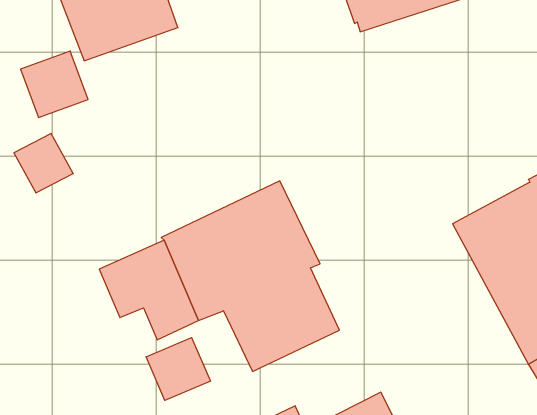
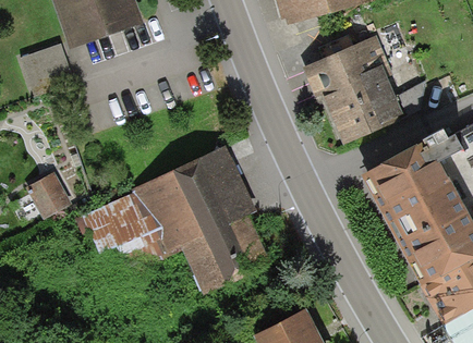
building: none -> [303,34,408,147]
building: [14,133,73,193] -> [26,171,73,218]
building: [146,338,210,400] -> none

